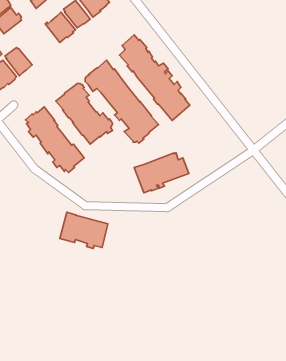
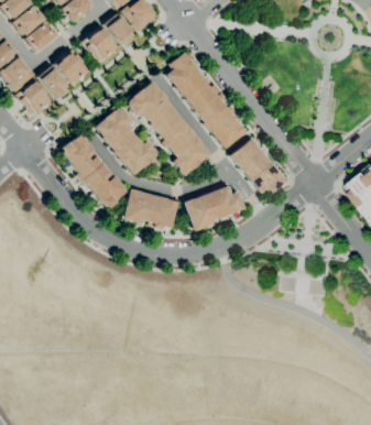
building: none -> [53,48,87,84]
building: none -> [229,138,284,193]
building: [60,212,108,248] -> [122,188,176,229]

